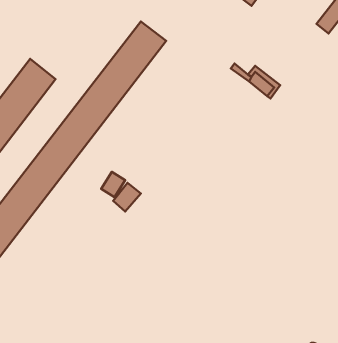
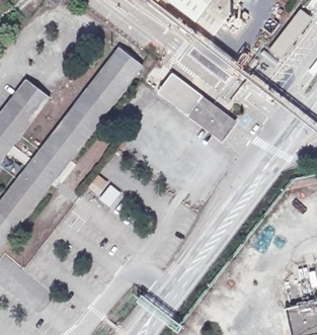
building: none -> [155,71,236,140]

